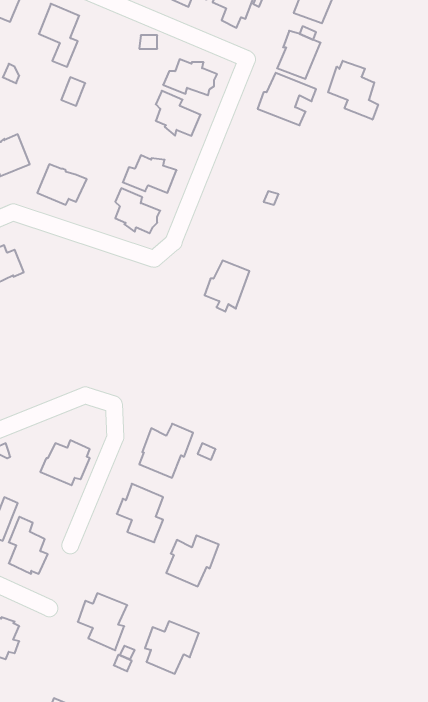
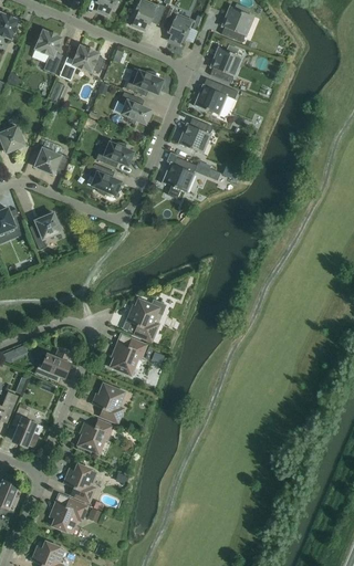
building: none -> [59,43,105,81]
building: [328,61,378,120] -> none
building: none -> [178,117,212,153]
building: none -> [29,211,63,250]
building: [204,261,249,312] -> [163,157,196,195]
building: none -> [124,296,160,343]
building: [166,535,219,586] -> [75,418,114,455]
building: [145,621,199,674] -> [49,496,88,535]

